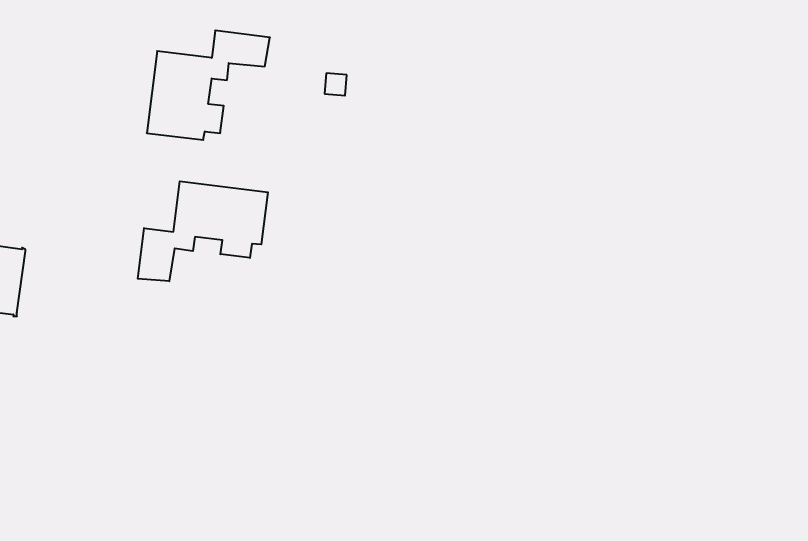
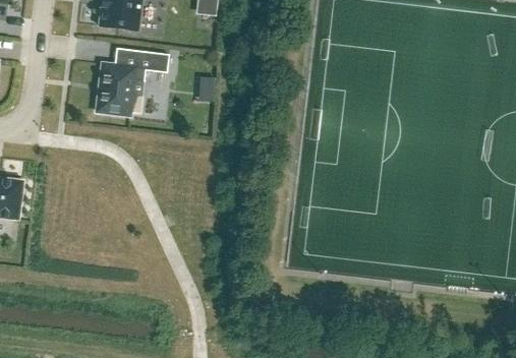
building: [138,181,268,281] -> none

